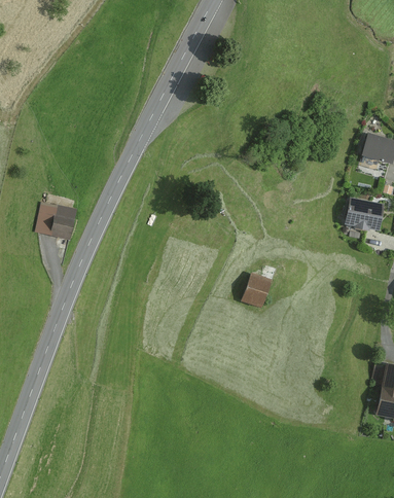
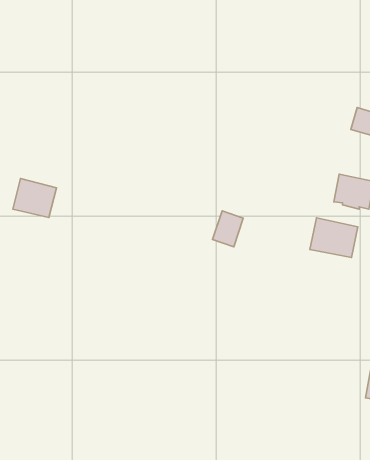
building: none -> [310,218,358,258]
building: [242,274,272,309] -> [213,211,243,247]

